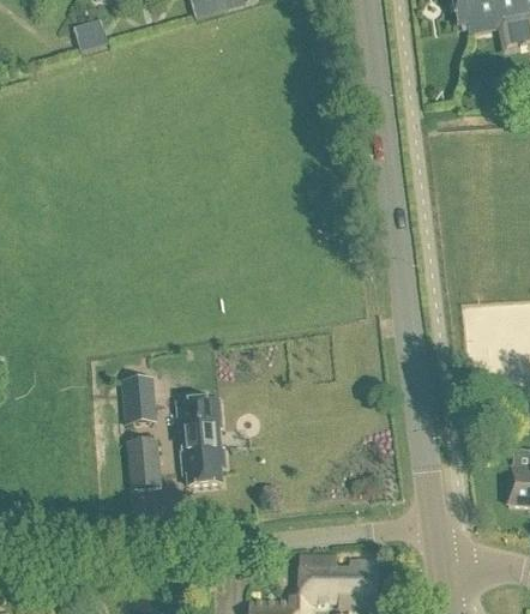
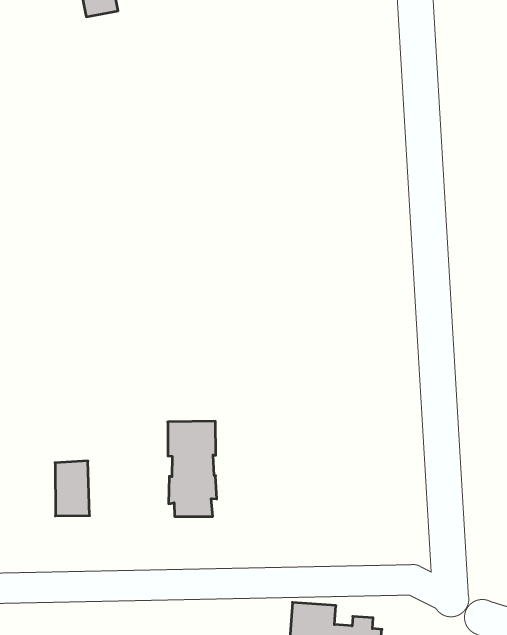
building: [122,377,153,409] -> none
building: [126,435,159,486] -> [55,461,90,516]

